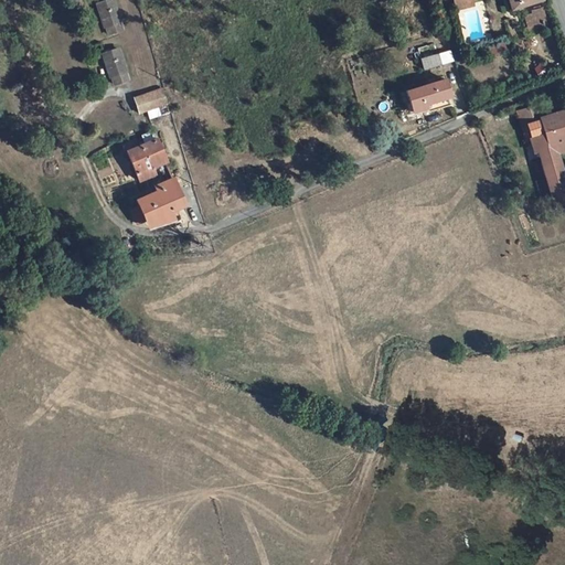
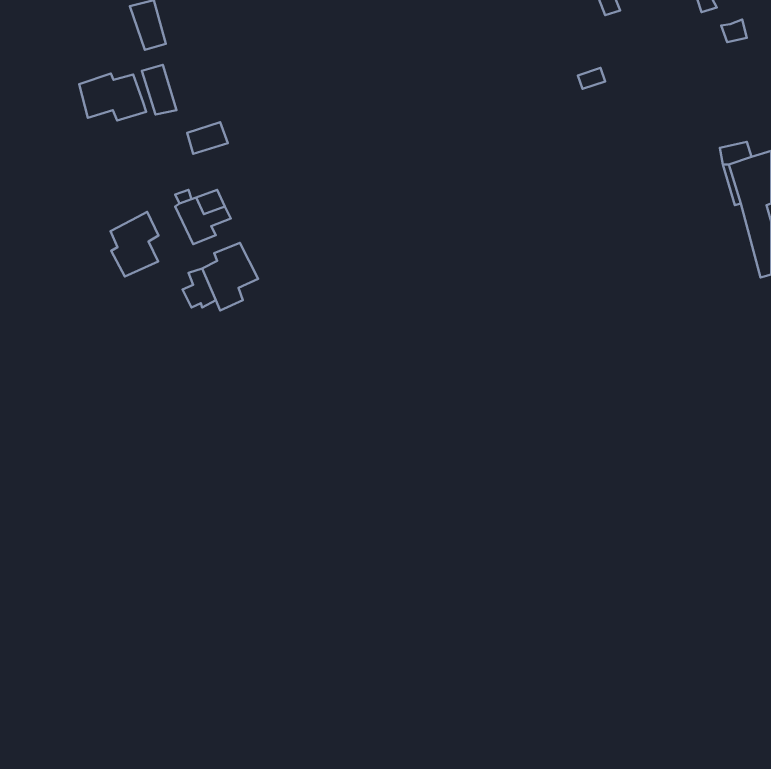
building: none -> [79,73,146,121]
building: [408,76,452,109] -> none
building: none -> [110,212,158,276]

